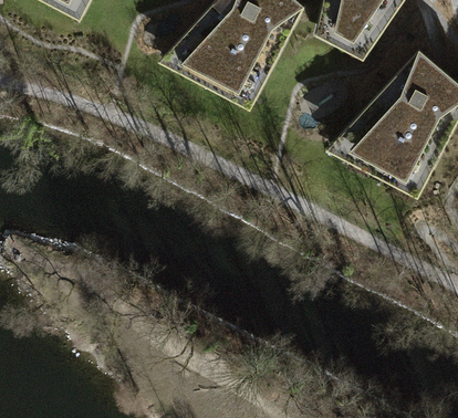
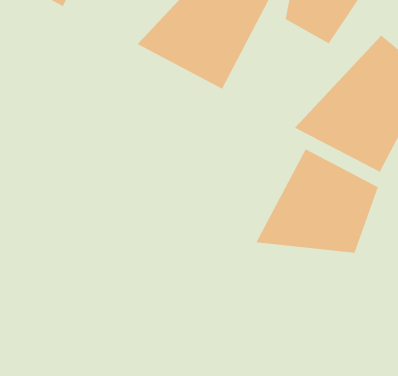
building: none -> [255,149,378,253]

